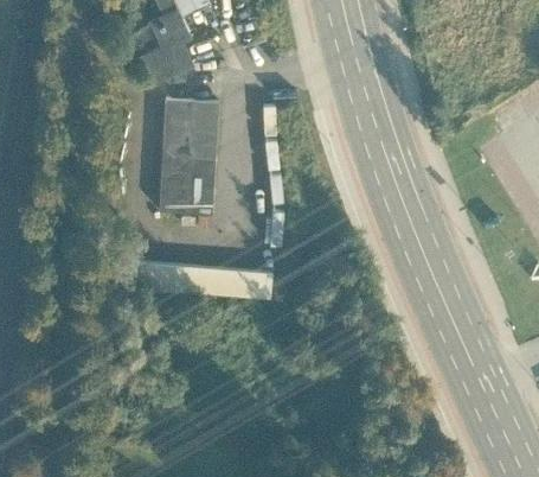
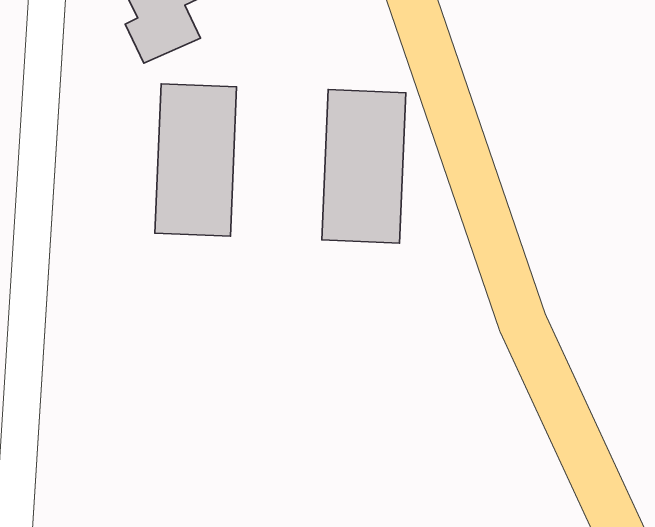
building: none -> [322,90,406,243]

